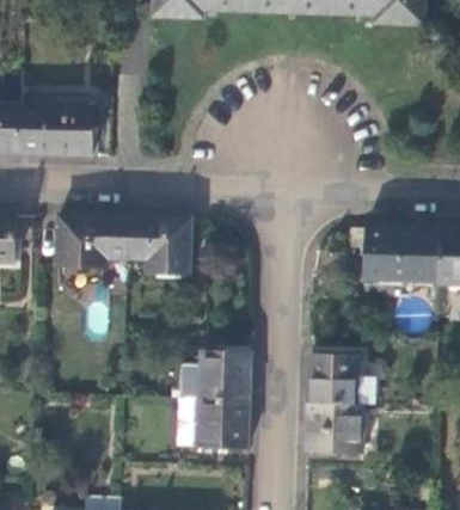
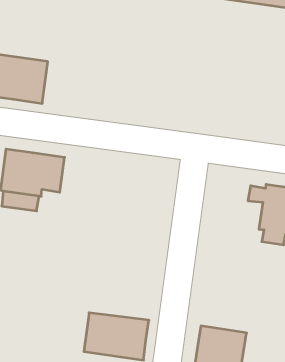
building: [125,219,188,276] -> none
building: [176,350,250,400] -> none
building: [309,350,372,403] -> none

